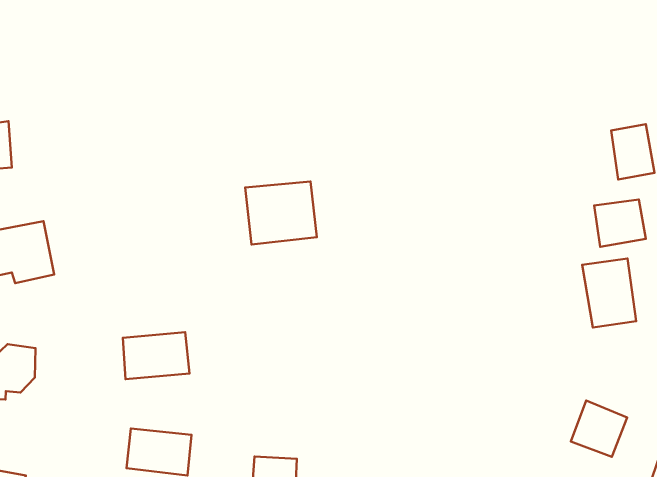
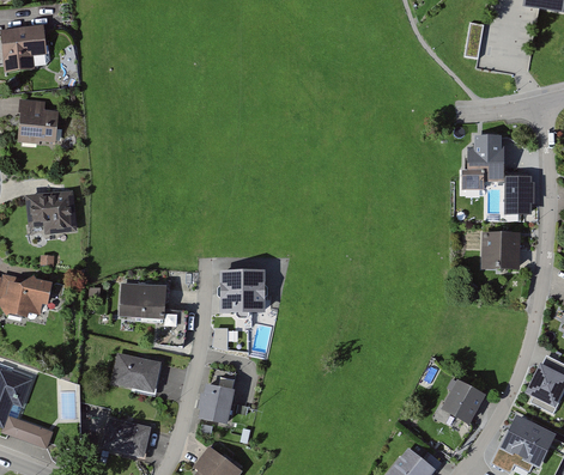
building: none -> [460,134,502,188]
building: [245,181,317,245] -> [220,270,271,315]
building: [582,259,636,327] -> none

